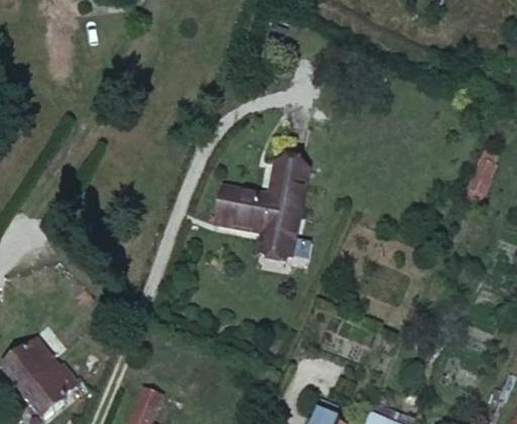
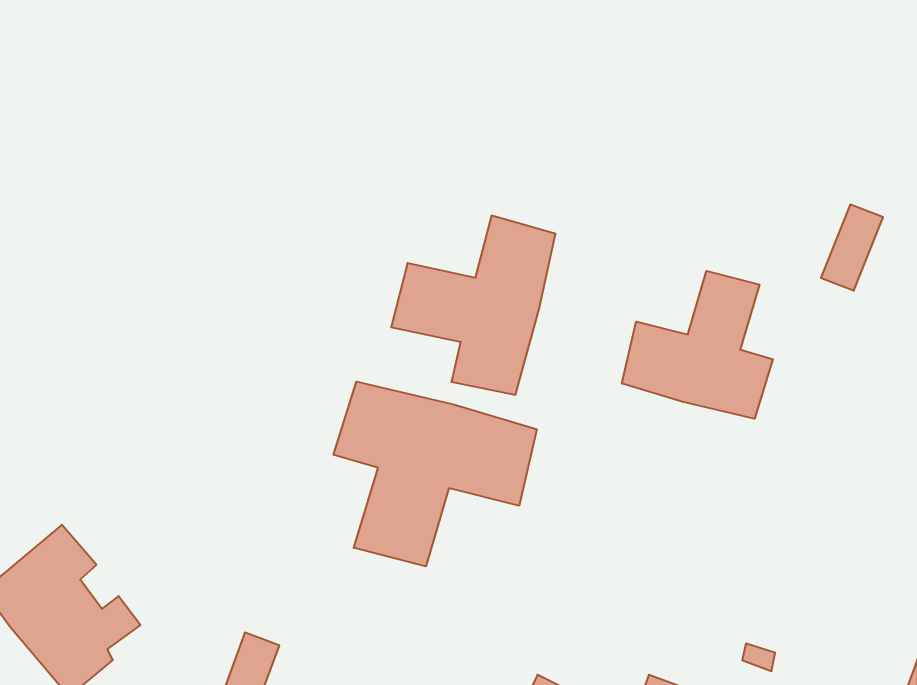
building: none -> [622,271,773,419]
building: none -> [334,382,537,566]

